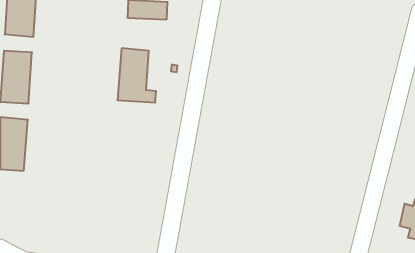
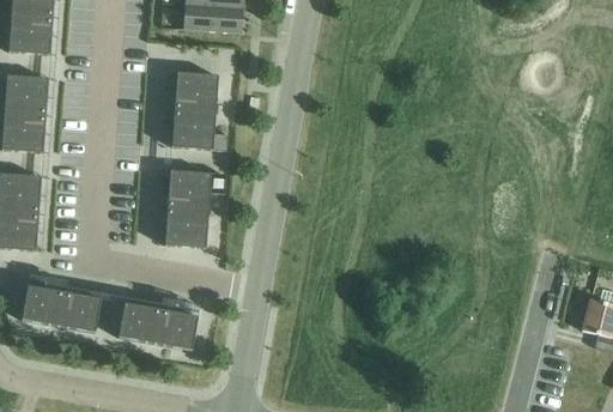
building: none -> [164,169,224,247]
building: none -> [20,285,101,332]
building: none -> [117,302,196,349]

